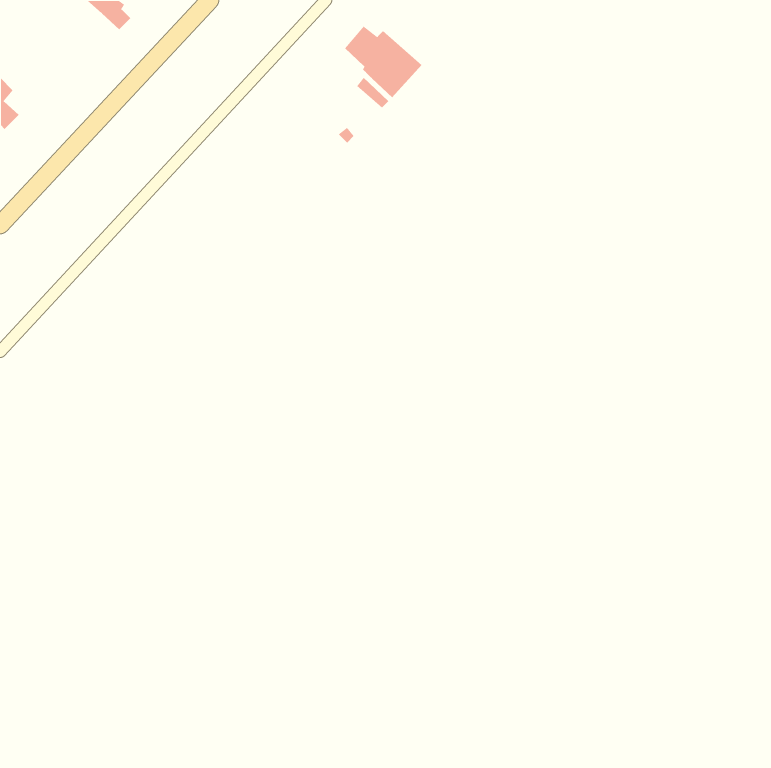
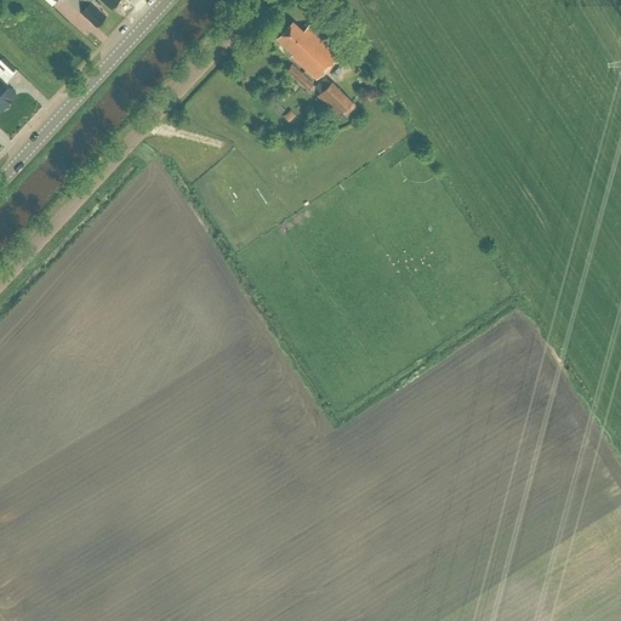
building: none -> [317,84,352,118]

